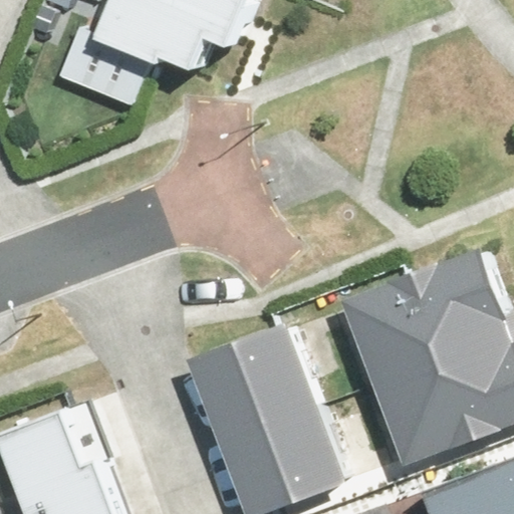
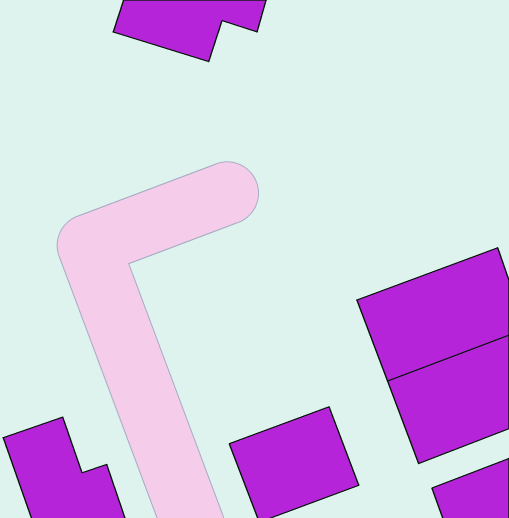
building: [196,327,321,441] -> none

